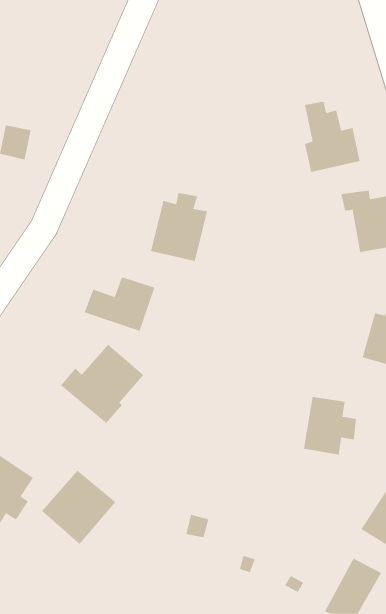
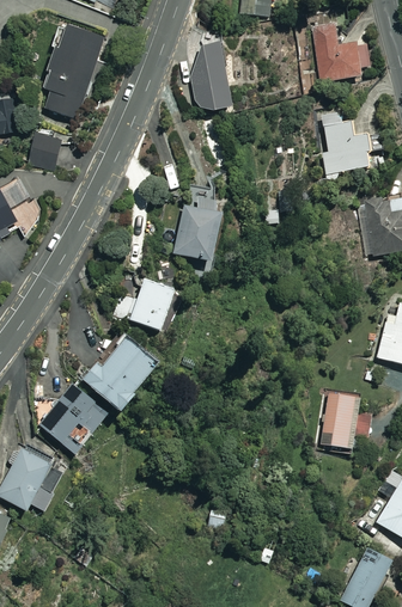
building: none -> [311,22,368,80]
building: none -> [41,23,104,117]
building: none -> [189,44,234,112]
building: [41,470,116,545] -> [38,382,110,454]

